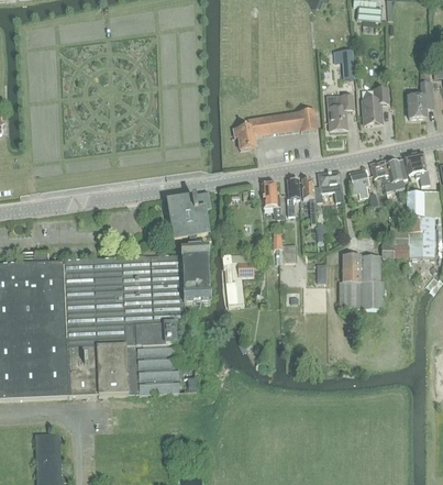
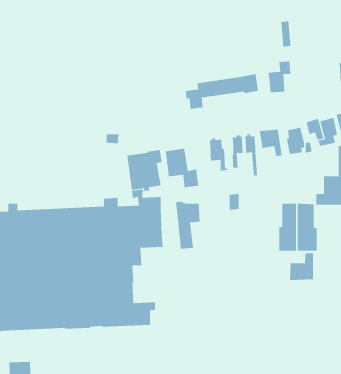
building: [362,87,387,124] -> none
building: none -> [165,148,199,188]
building: none -> [290,253,313,281]

